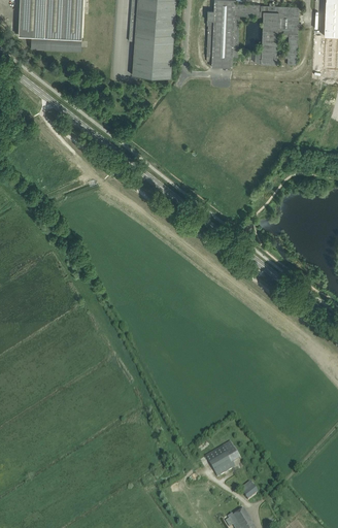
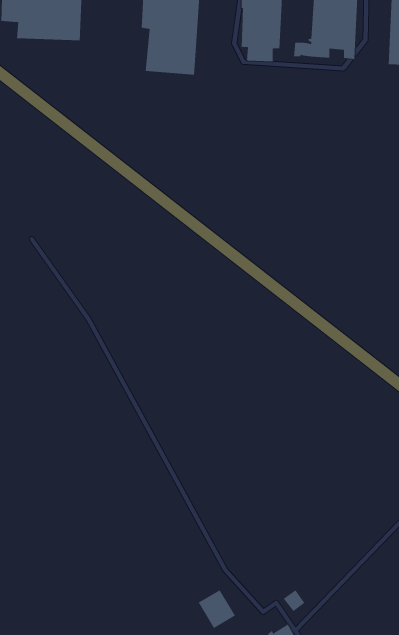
building: [205,446,235,476] -> [198,589,236,629]

